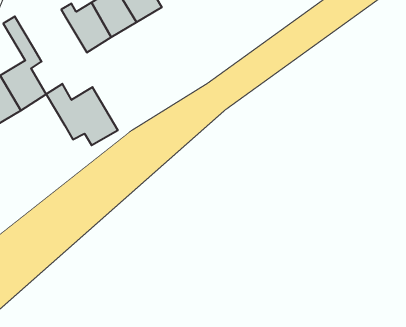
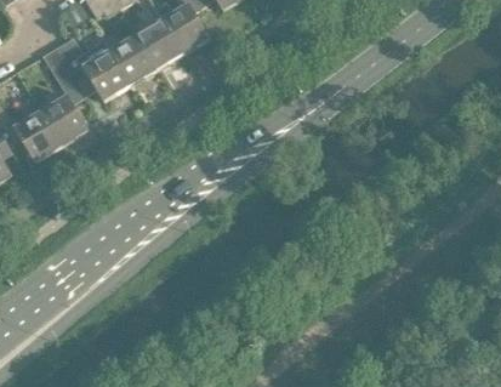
building: [46,84,118,145] -> [55,38,130,102]

